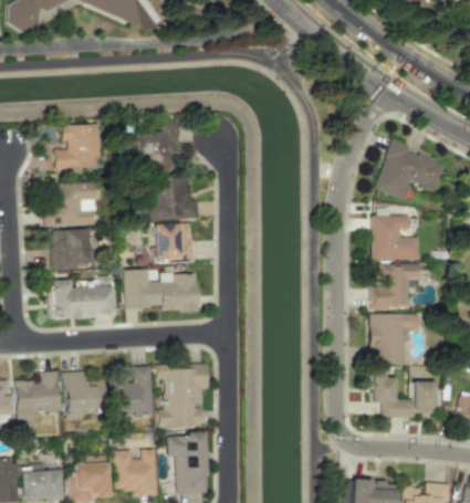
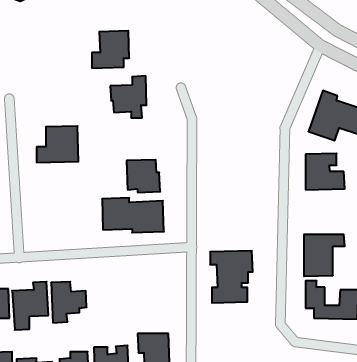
building: [55,124,101,169] -> [92,31,129,68]
building: [150,176,200,220] -> none
building: [52,229,91,270] -> none
building: [370,264,422,308] -> none
building: [49,281,113,318] -> none
building: [157,365,209,428] -> [210,251,253,303]
building: [111,366,155,417] -> none

